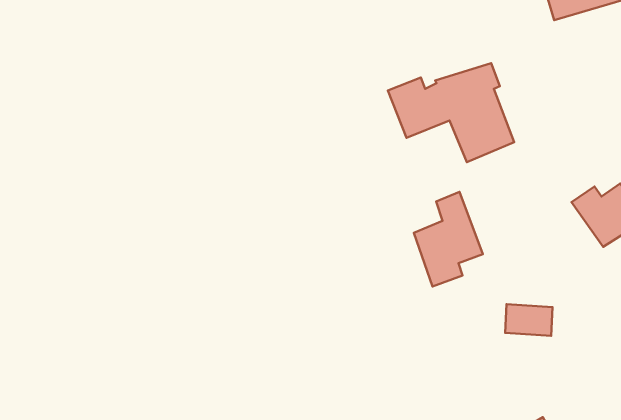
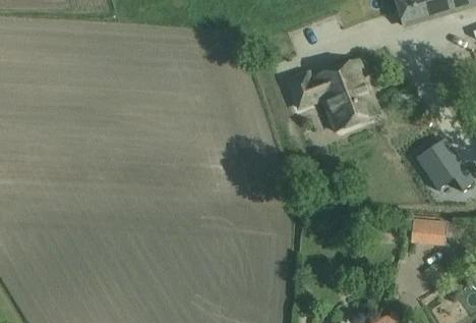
building: [414,192,483,286] -> none
building: [505,304,552,336] -> [412,220,445,243]

